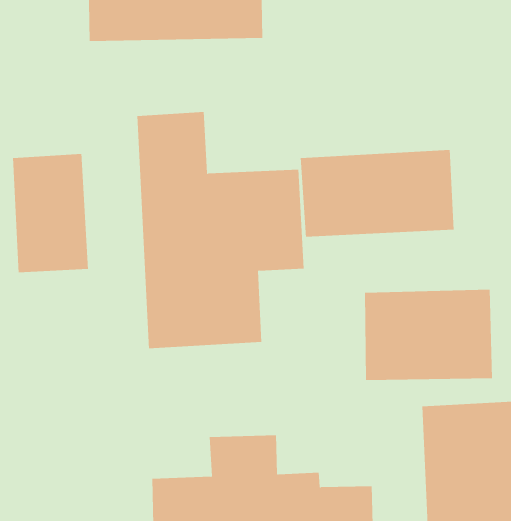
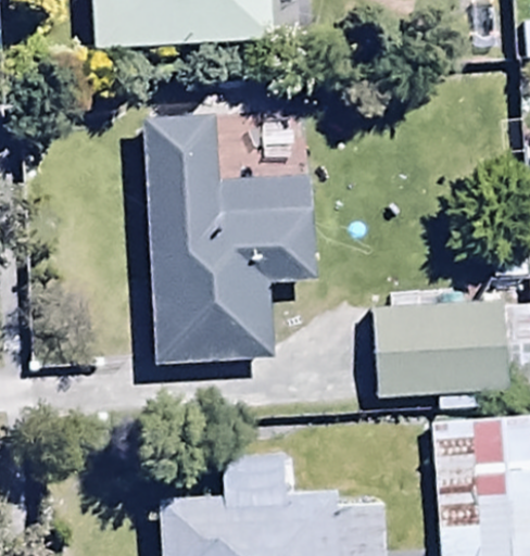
building: [300,149,454,237] -> none
building: [12,153,88,273] -> none

